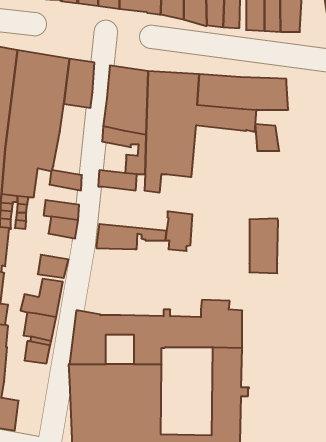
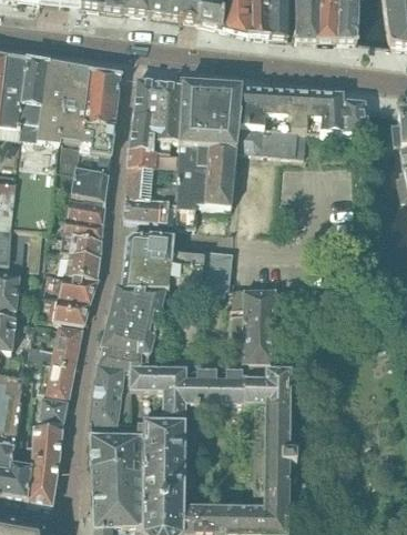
building: none -> [71,122,114,200]
building: [255,124,279,151] -> [340,98,368,129]
building: none -> [124,165,155,202]
building: none -> [62,215,103,239]
building: none -> [124,234,204,269]
building: [249,218,278,273] -> [243,286,276,350]
building: none -> [57,271,96,302]
building: none -> [100,285,165,366]
building: none -> [27,426,62,505]

